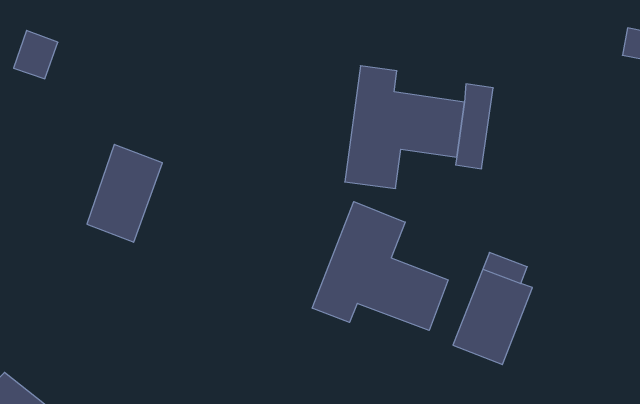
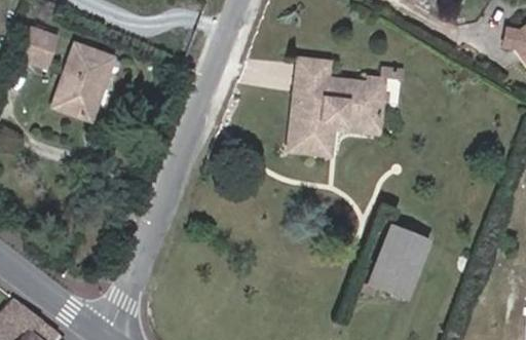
building: [87,144,162,242] -> [53,44,113,121]
building: [312,202,448,330] -> none

